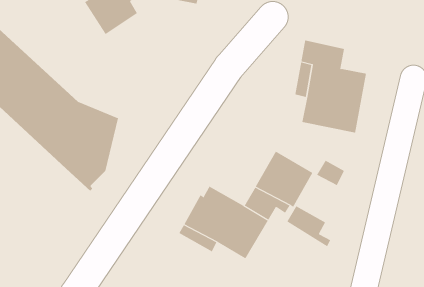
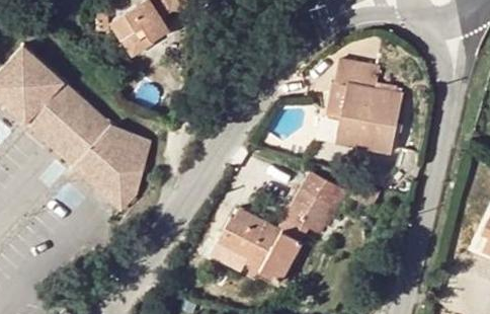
building: [287,205,331,247] -> none

